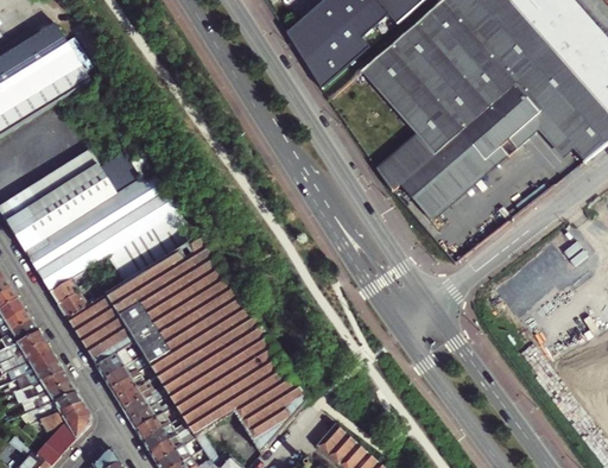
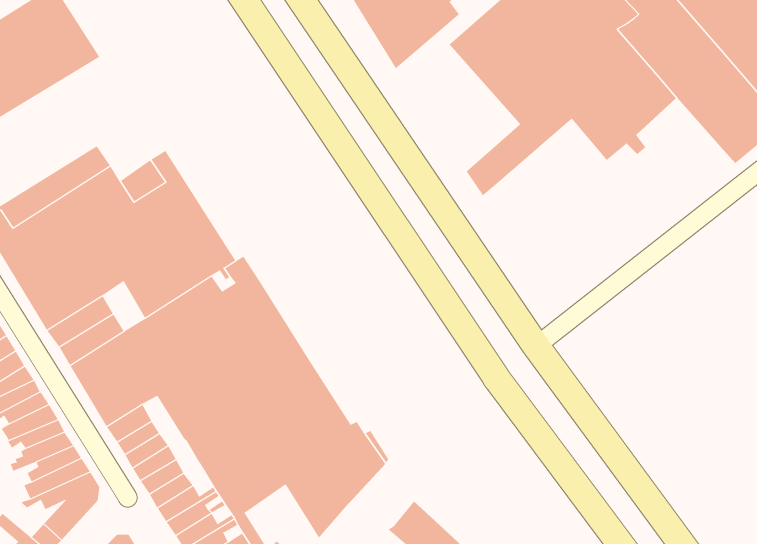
building: [508,110,575,159] -> none
building: [395,127,508,221] -> none

